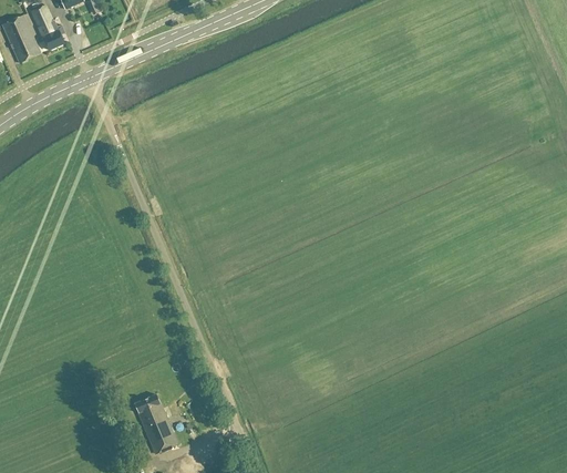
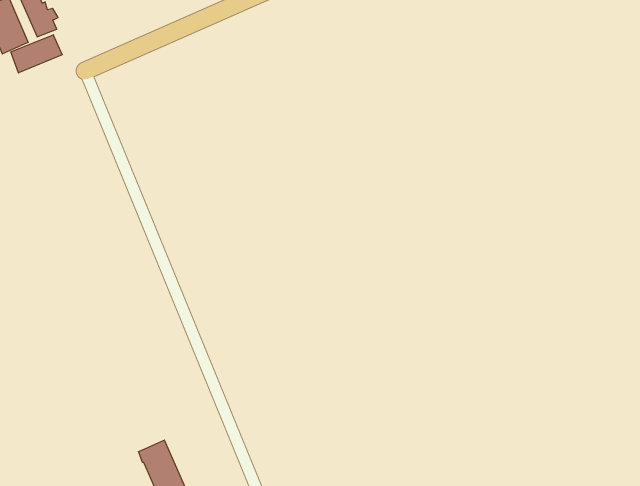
building: none -> [11,35,62,73]

